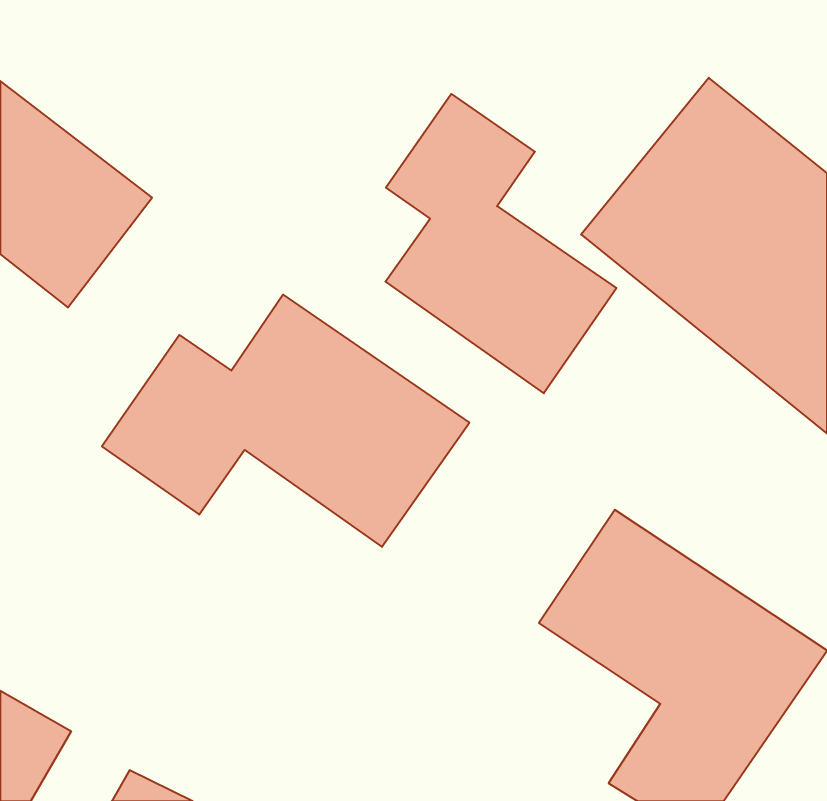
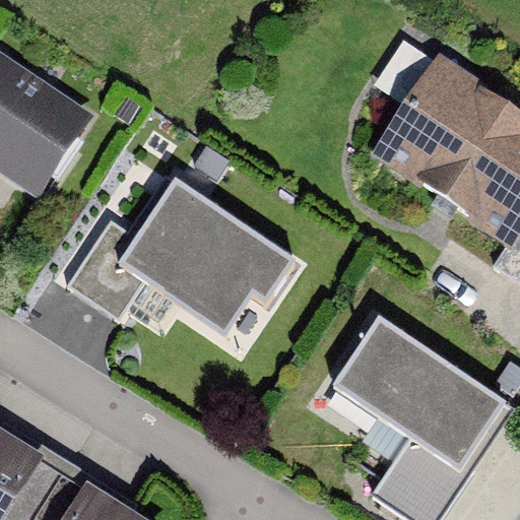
building: [385,94,616,393] -> none

